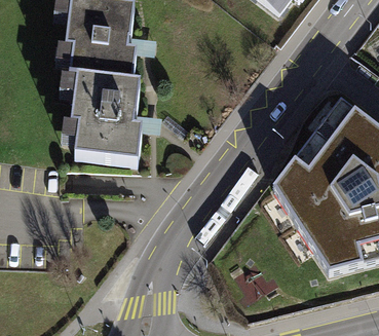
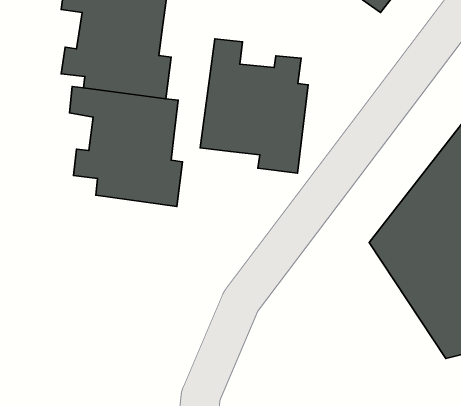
building: none -> [200,39,308,173]

